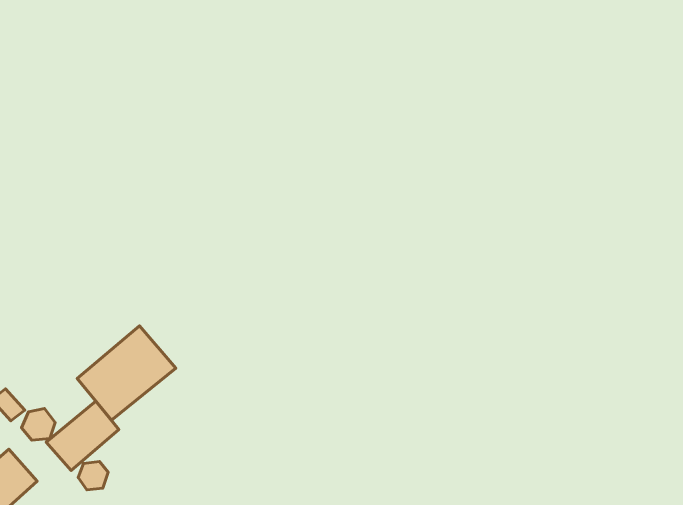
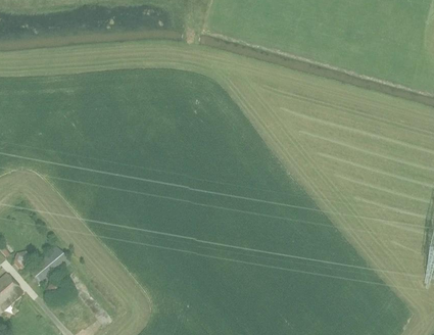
building: [77,326,176,420] -> none

